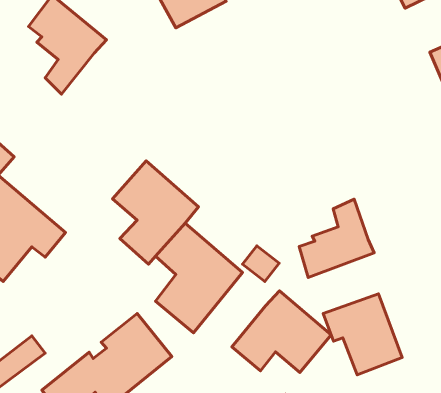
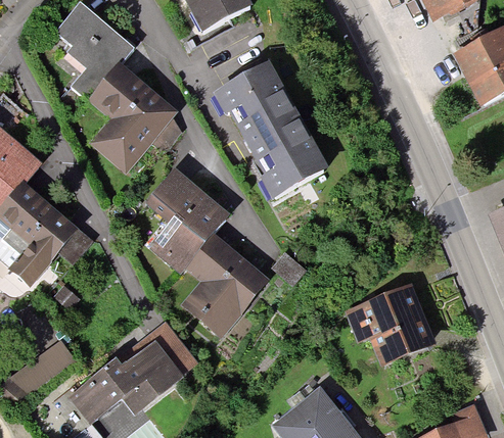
building: none -> [89,58,181,174]
building: none -> [216,64,328,199]
building: [299,199,374,277] -> none
building: [232,291,331,372] -> none

